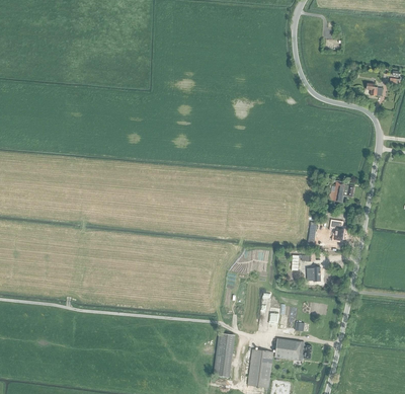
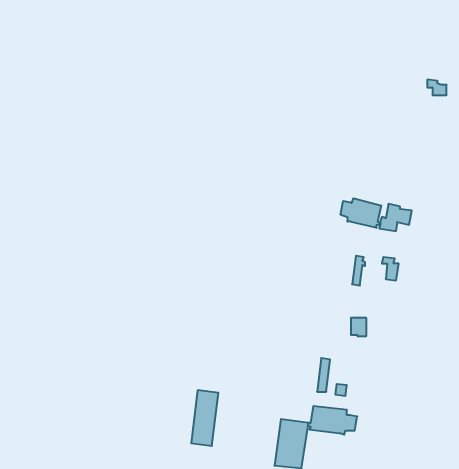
building: none -> [341,198,381,228]
building: [213,333,234,377] -> [191,390,218,446]

